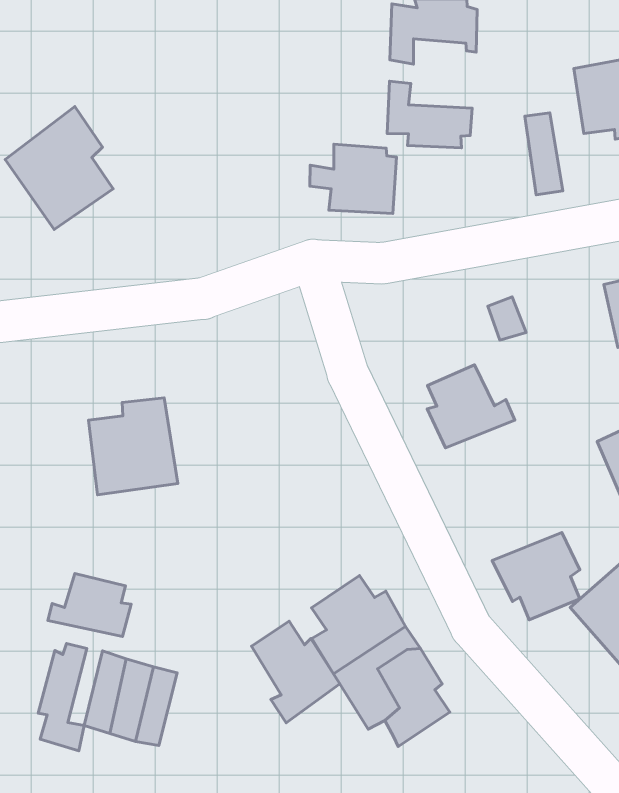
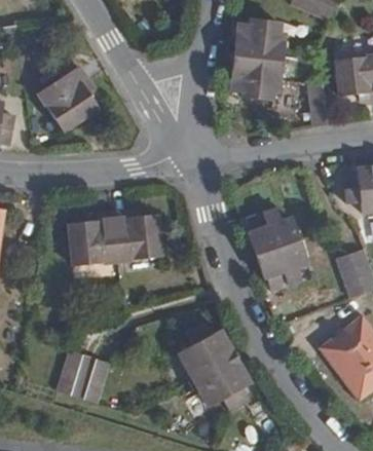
building: [310,144,397,213] -> [240,38,288,77]
building: none -> [109,218,158,266]
building: [492,533,580,620] -> [257,245,303,290]
building: [48,574,131,636] -> none
building: [251,621,340,723] -> none
building: [38,644,87,751] -> none

